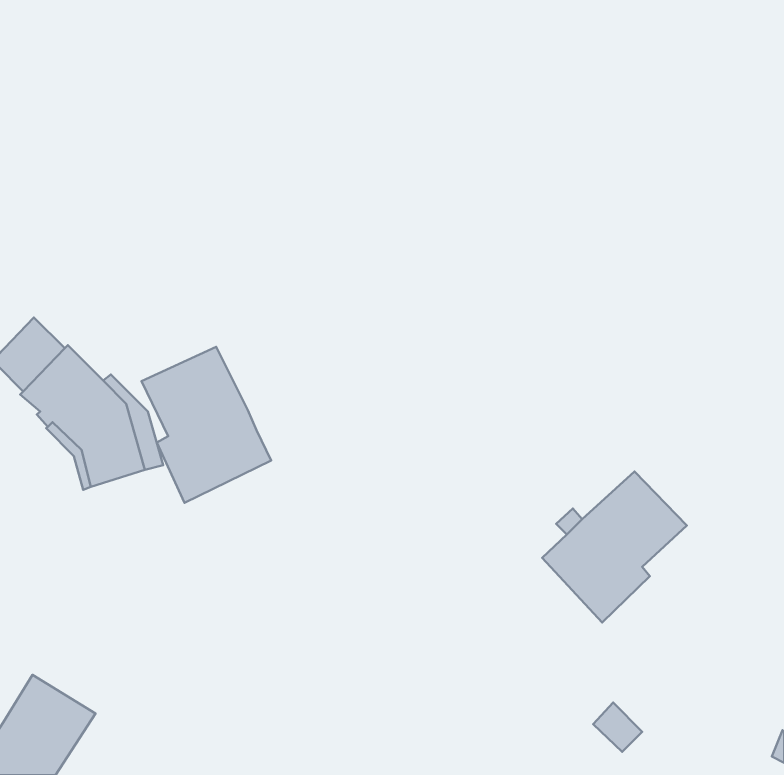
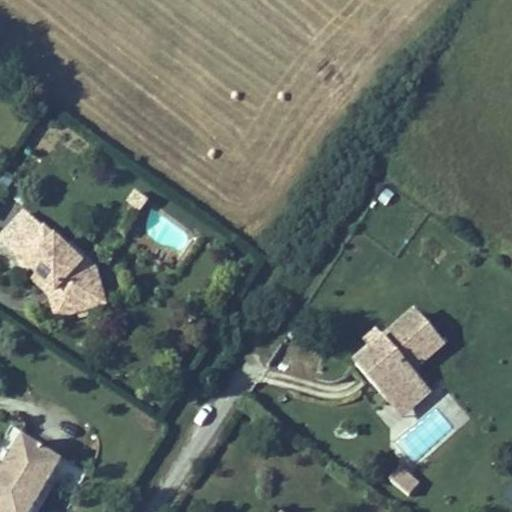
building: [142,347,271,503] -> none
building: none -> [391,374,436,418]

